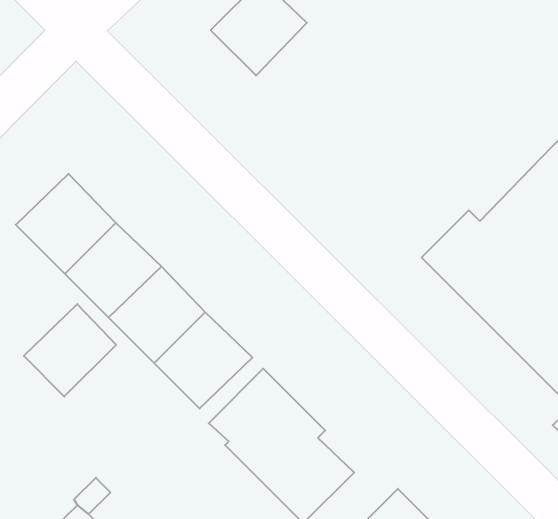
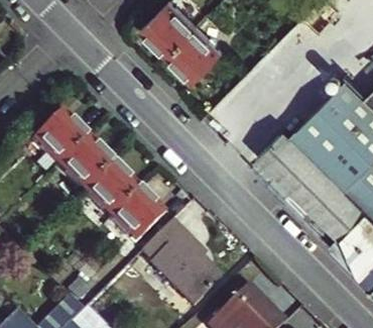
building: none -> [168,26,222,81]
building: [24,304,116,397] -> none

